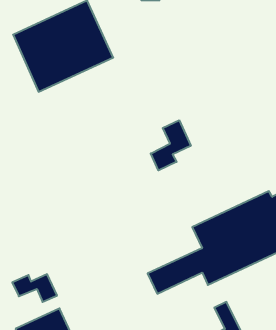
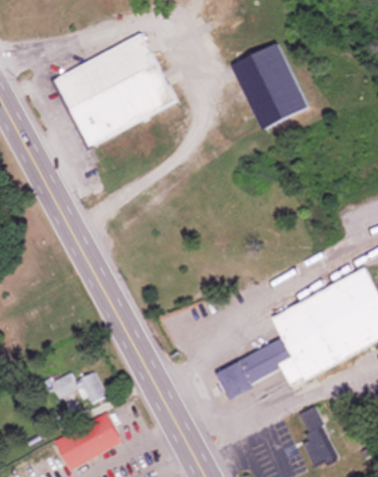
building: none -> [234,43,309,130]
building: [151,120,191,170] -> none

